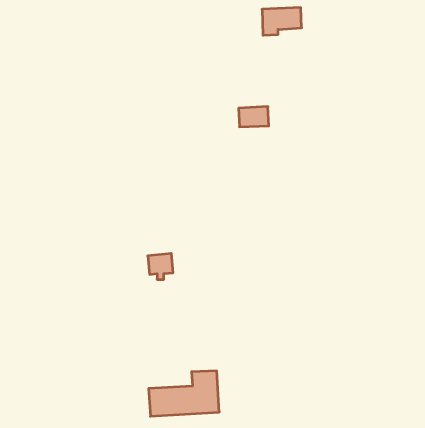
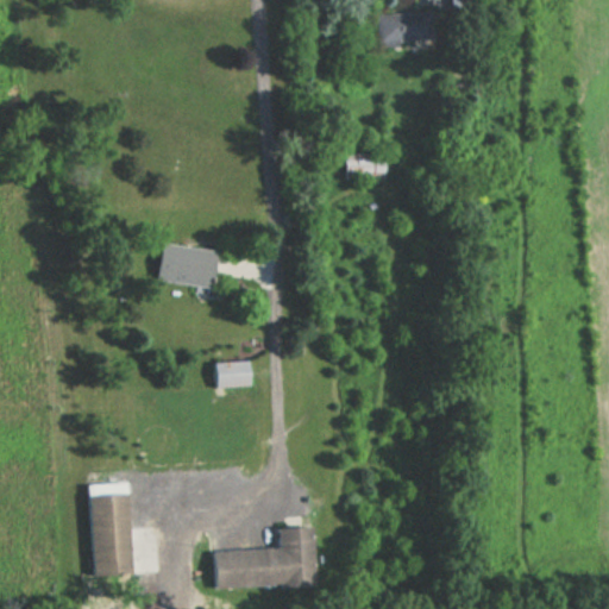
building: none -> [153,243,218,288]
building: none -> [89,484,133,577]

